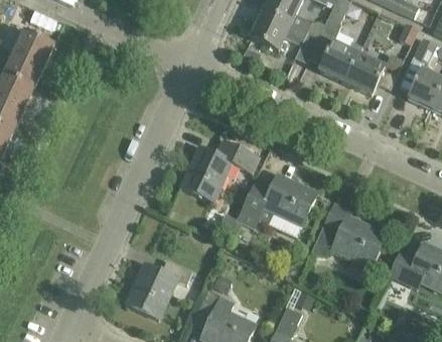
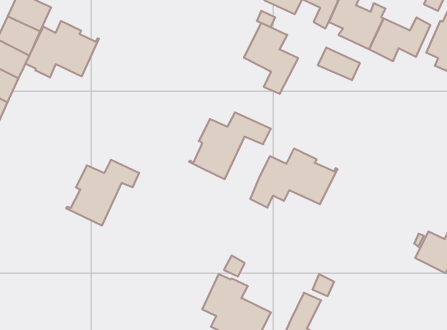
building: none -> [26,21,99,78]
building: none -> [244,23,298,94]
building: none -> [318,47,360,80]
building: [309,203,387,268] -> none
building: [125,258,192,319] -> [66,160,139,226]

